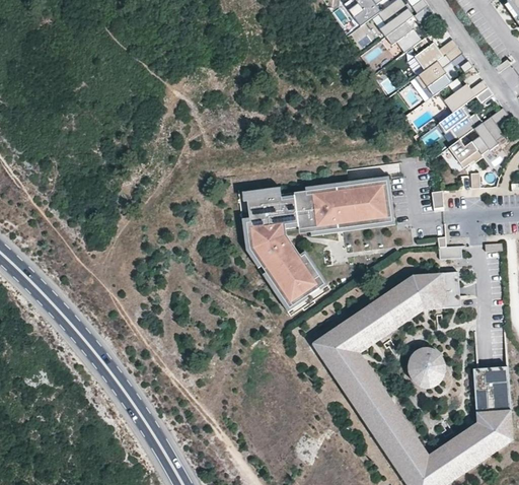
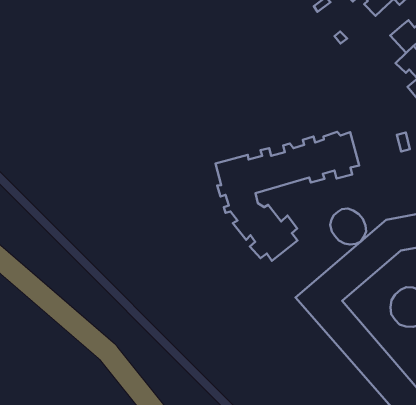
building: [416,61,453,94] -> none
building: none -> [330,209,366,245]

